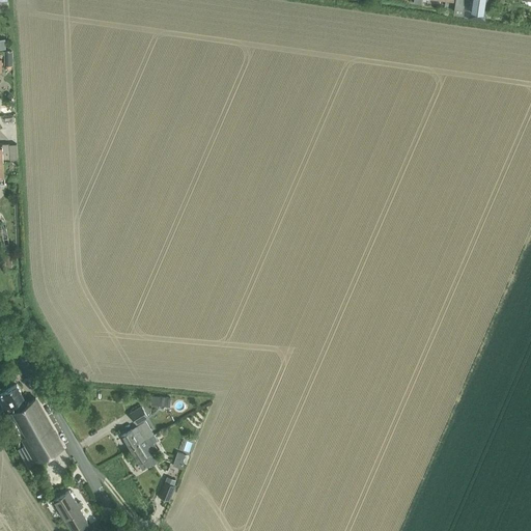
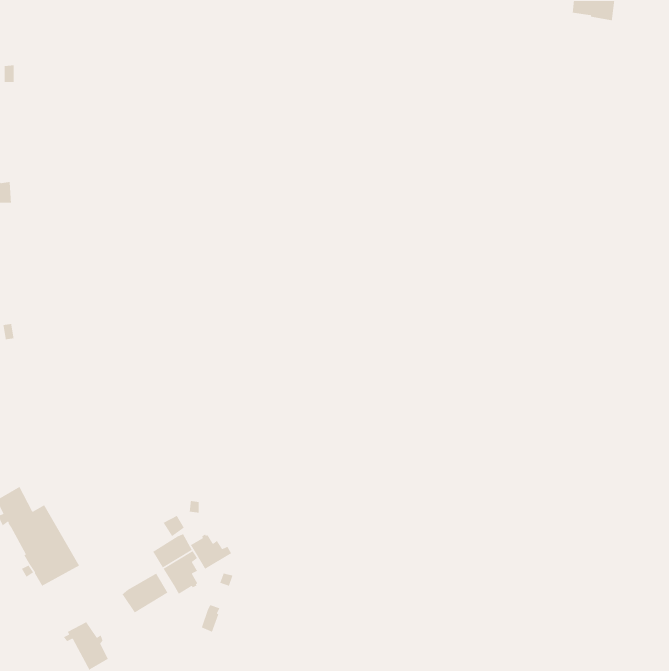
building: none -> [190,533,232,570]
building: none -> [122,572,169,613]

